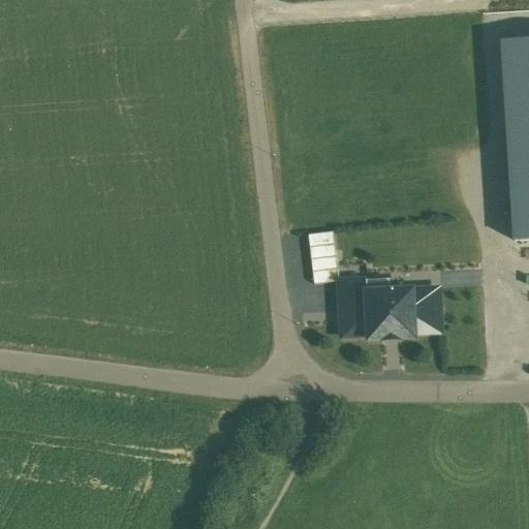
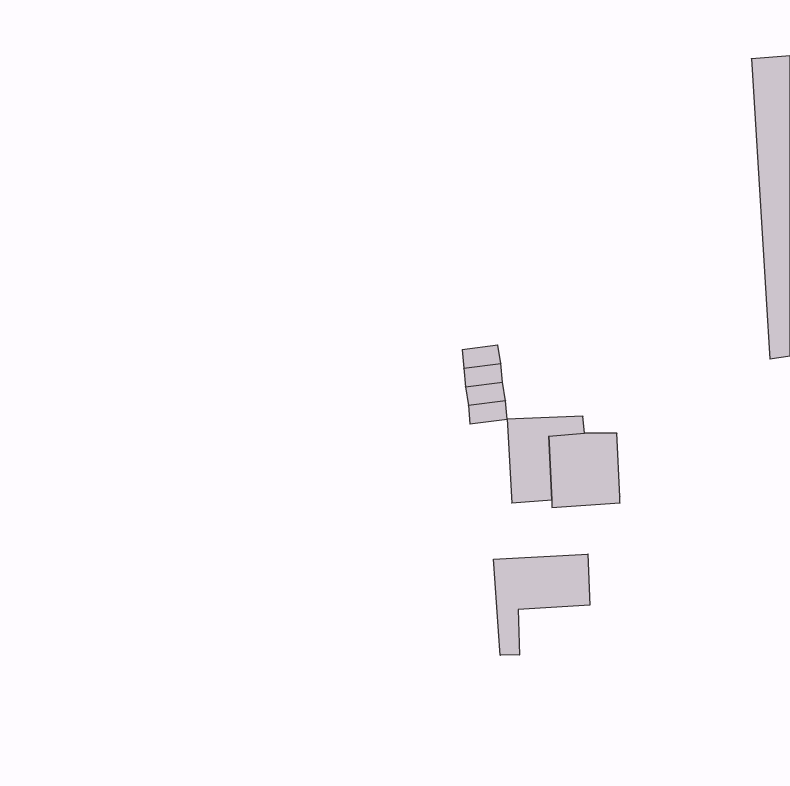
building: [412,287,441,332] -> none
building: none -> [494,554,590,655]

